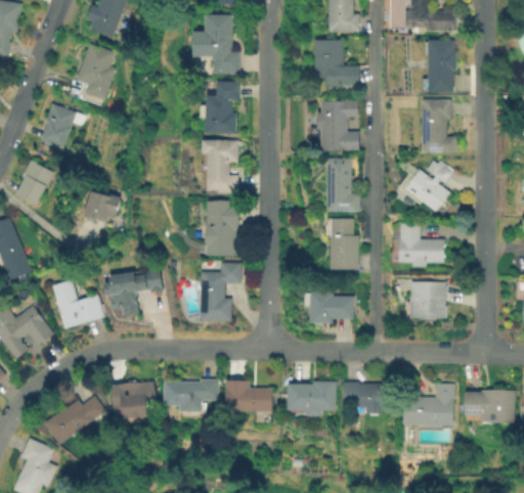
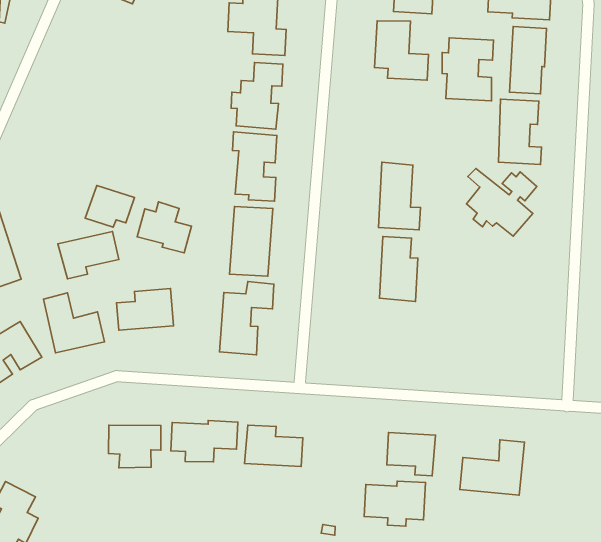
building: [77,43,116,100] -> none
building: [316,101,359,151] -> [442,38,494,101]
building: [40,103,77,148] -> none
building: [15,158,54,205] -> none
building: none -> [137,202,192,253]
building: [397,223,445,268] -> none
building: none -> [58,231,119,279]
building: [409,281,447,319] -> none
building: [309,290,356,325] -> none
building: [287,380,336,417] -> [364,481,426,526]
building: [465,391,515,424] -> none
building: [45,398,105,445] -> none

